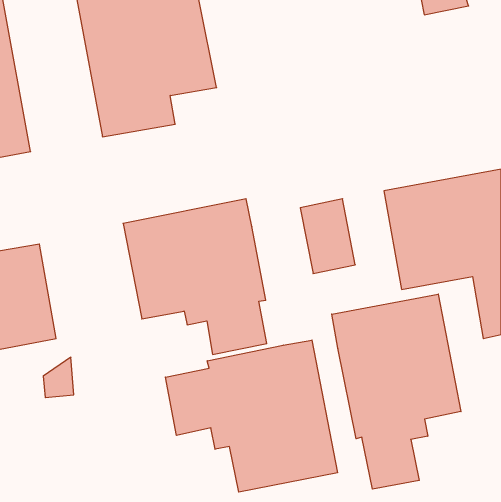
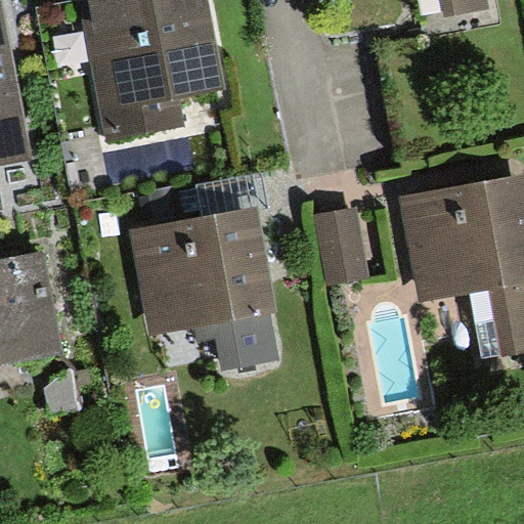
building: [332,294,461,489] -> none
building: [165,340,337,492] -> none

